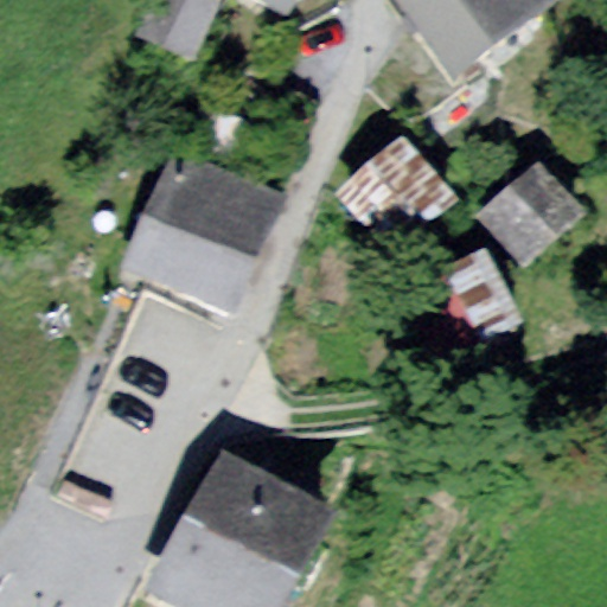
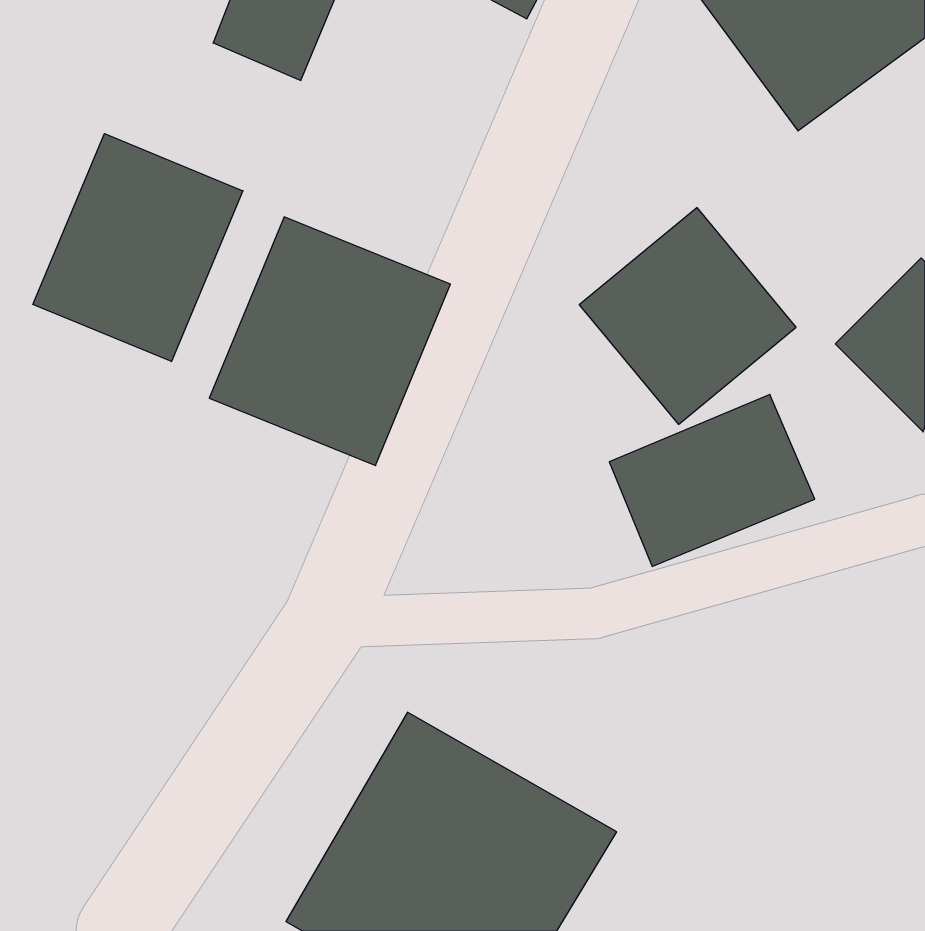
building: none -> [33,134,243,362]

